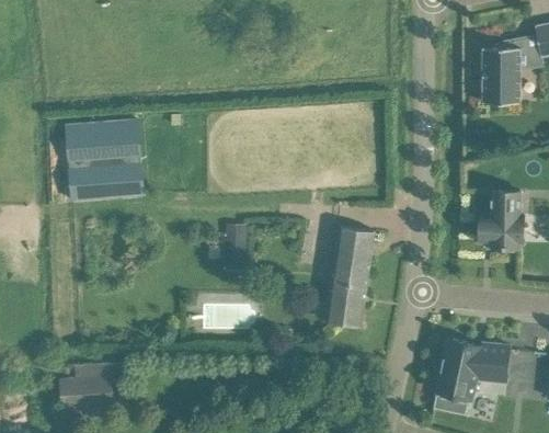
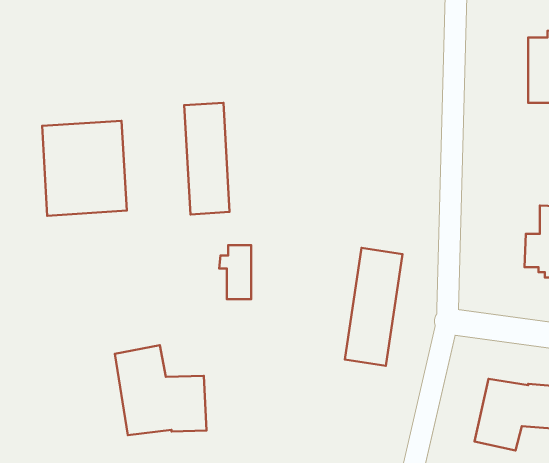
building: none -> [184,103,230,214]
building: none -> [115,345,206,435]
building: [71,365,113,403] -> none

